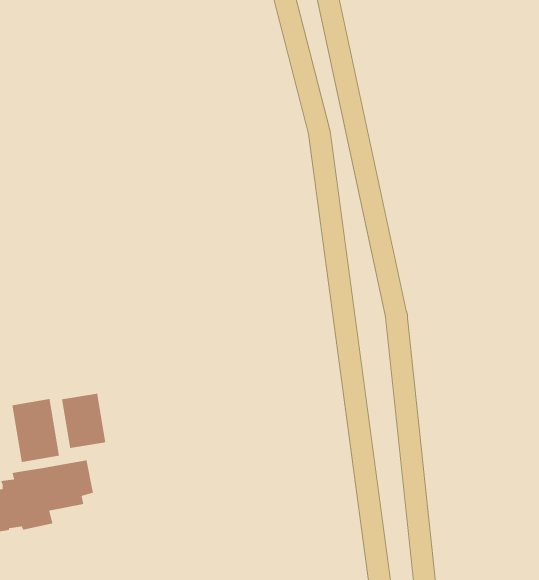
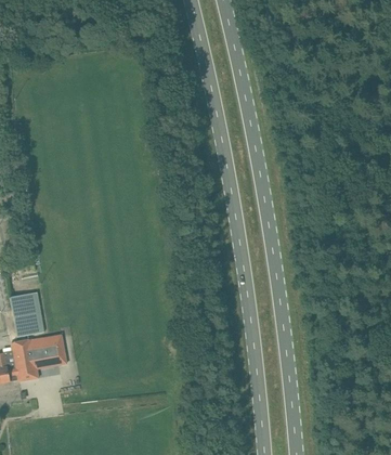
building: [61,393,106,449] -> none

